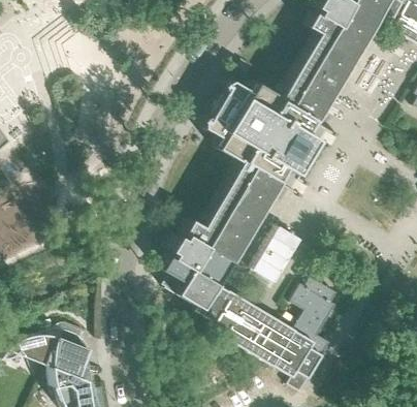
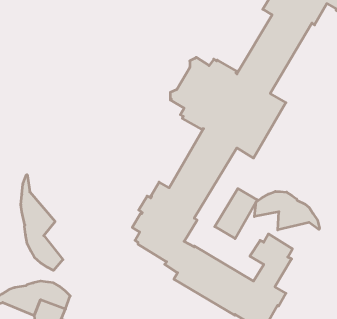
building: none -> [21,175,63,270]
building: none -> [254,191,319,230]

